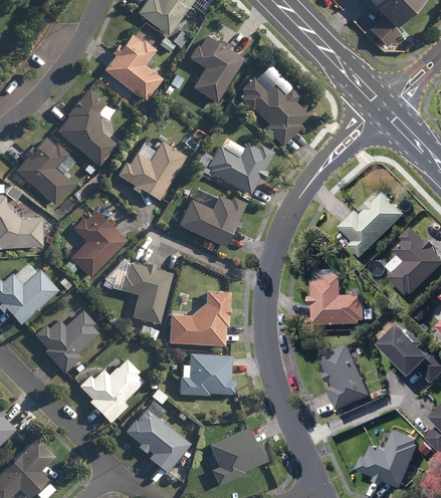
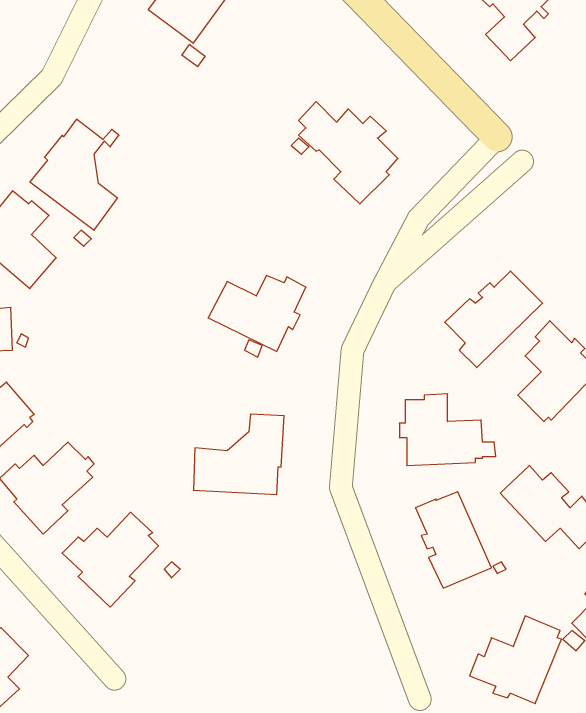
building: [103,33,163,101] -> none
building: [188,34,244,101] -> none
building: [117,140,187,200] -> none
building: [193,142,274,194] -> none
building: [65,210,128,277] -> none
building: [103,258,174,323] -> none
building: [179,352,236,395] -> none
building: [125,409,190,473] -> none
building: [208,427,268,485] -> none

